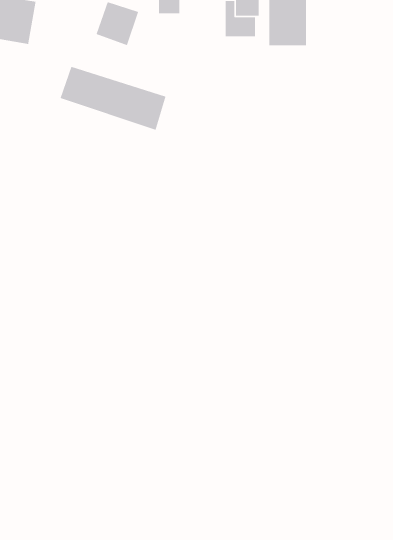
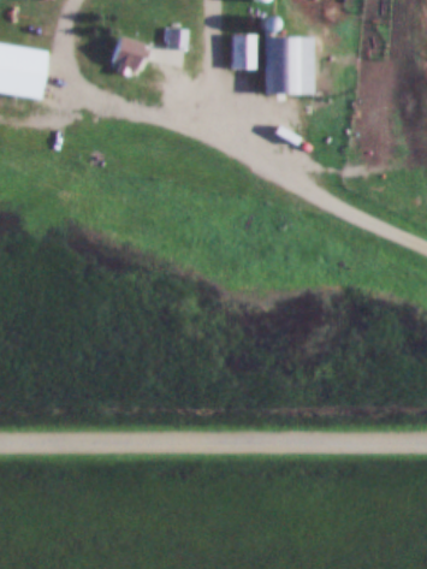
building: [60,66,166,131] -> none

